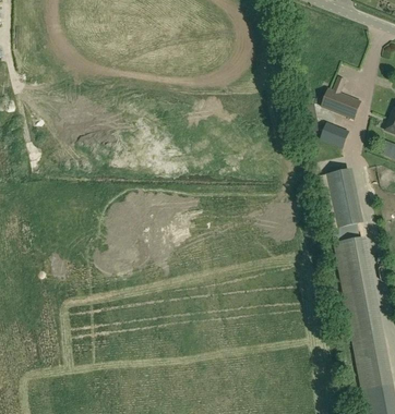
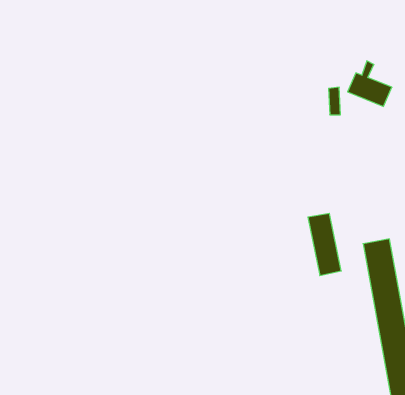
building: [319,122,348,147] -> none
building: [325,170,356,227] -> [308,213,341,276]

